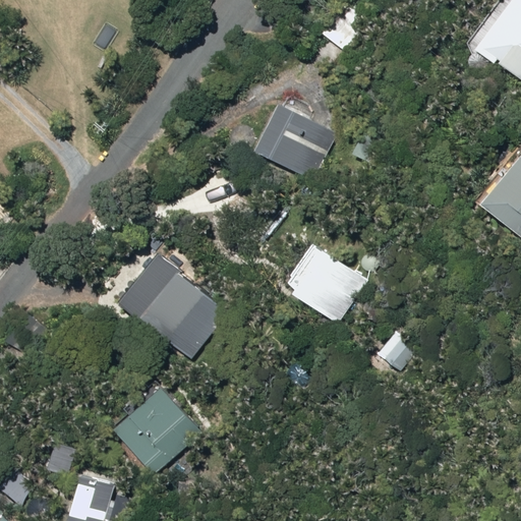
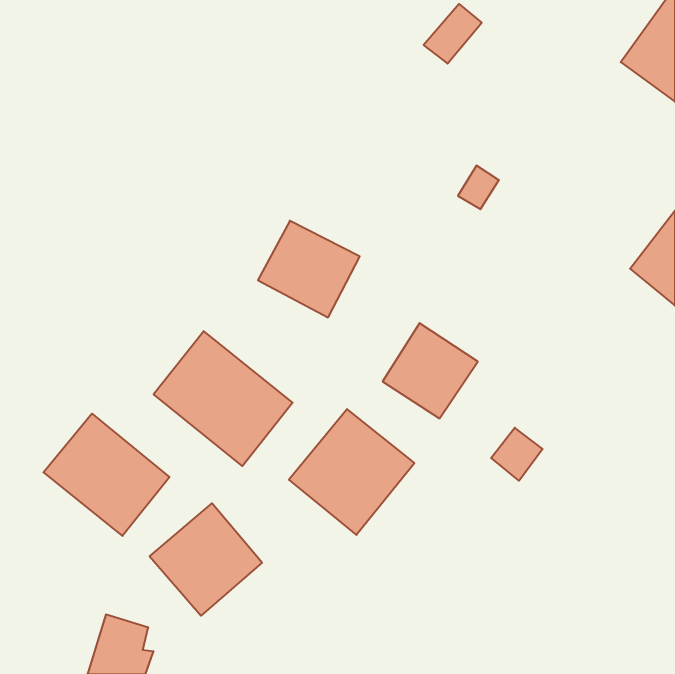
building: [255,106,334,180] -> [258,221,360,317]
building: none -> [289,409,414,535]
building: none -> [43,414,169,536]

